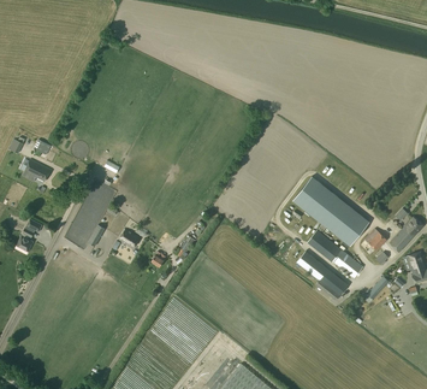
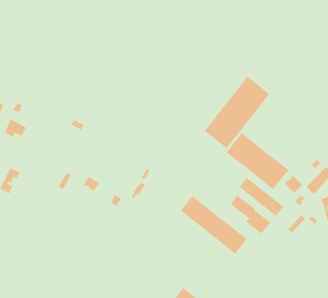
building: none -> [204,76,270,149]
building: none -> [180,195,247,254]

